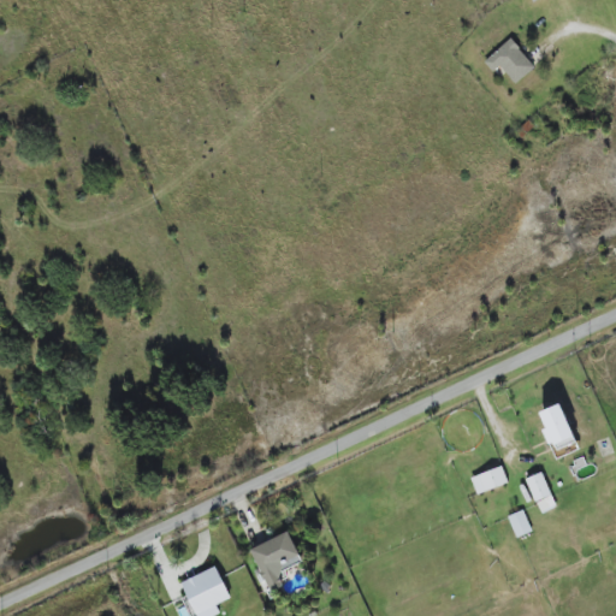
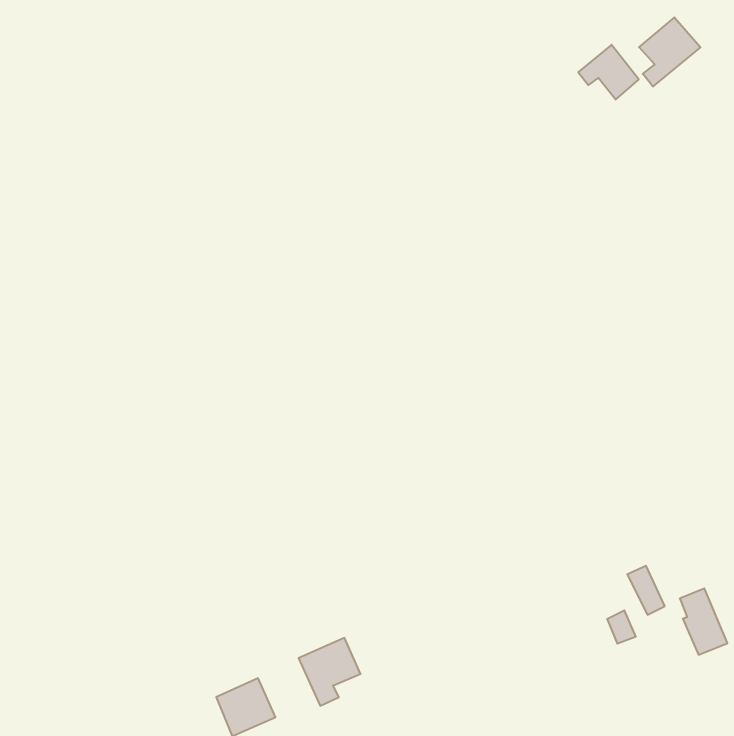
building: none -> [639,17,700,87]
building: [539,403,579,458] -> [680,588,727,655]
building: [469,466,507,494] -> none

